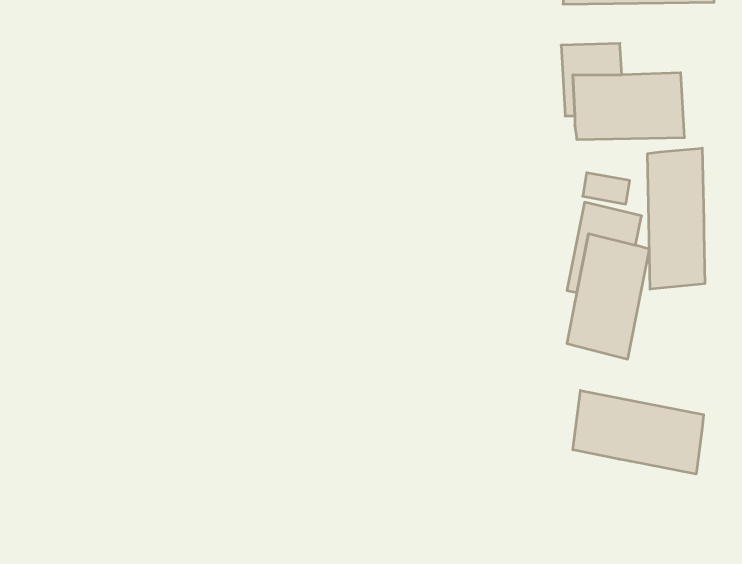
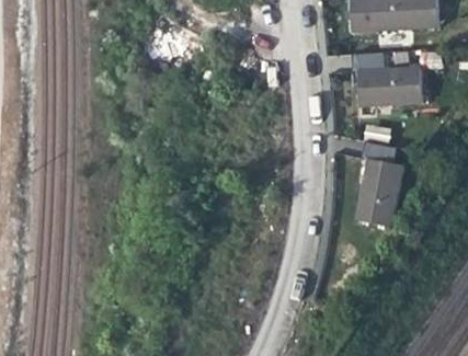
building: [648,148,705,289] -> none
building: [573,390,704,474] -> none

